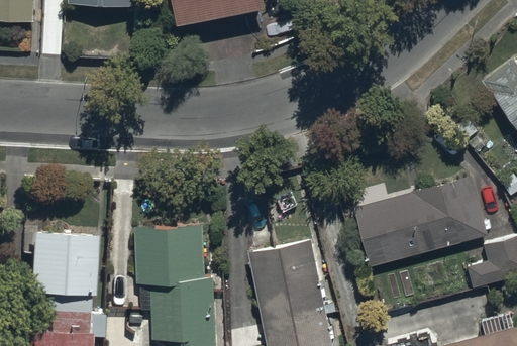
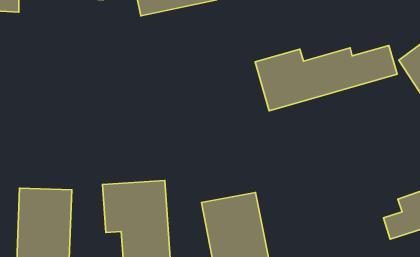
building: none -> [255,45,397,111]
building: [354,176,488,267] -> none

